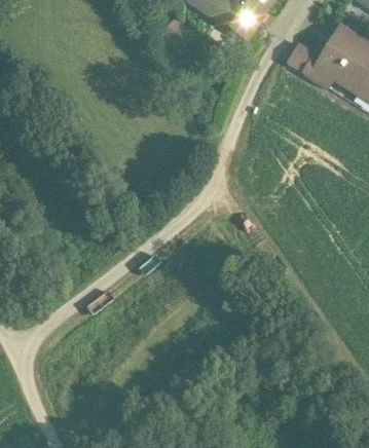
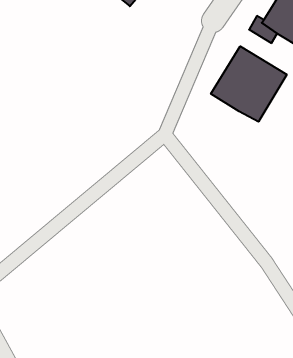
building: none -> [211,46,287,122]

